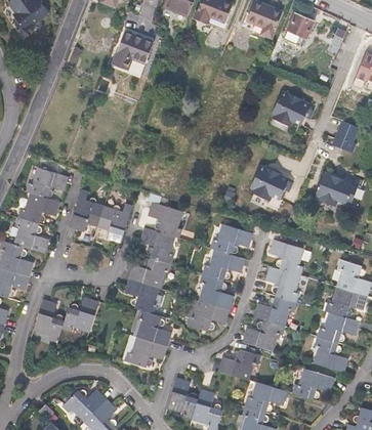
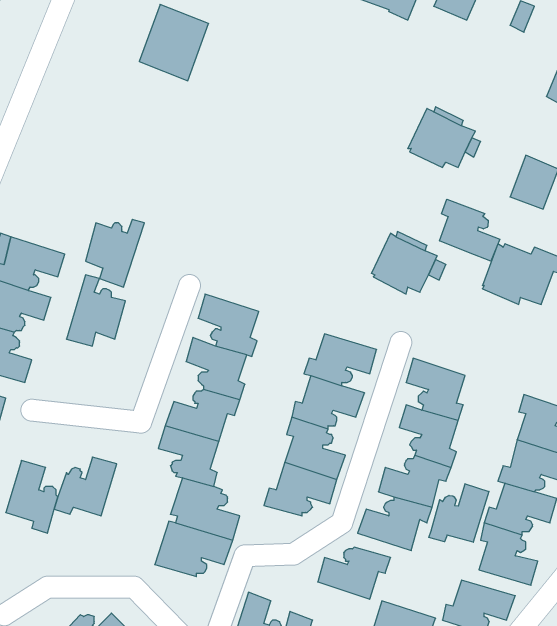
building: none -> [440,199,500,261]
building: [97,203,132,243] -> [86,219,144,287]
building: none -> [429,484,489,542]

